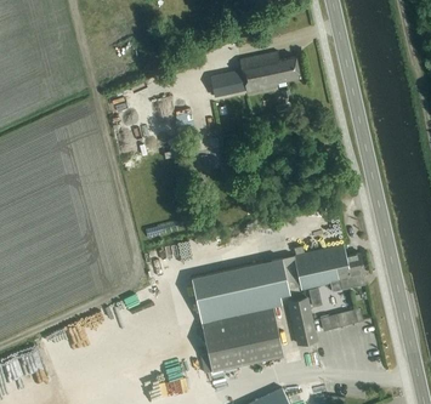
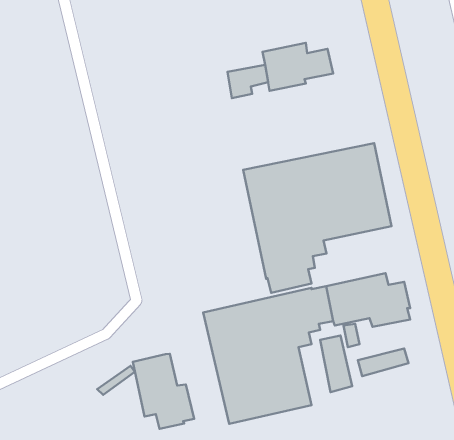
building: none -> [243,143,391,293]
building: none -> [133,354,194,429]

